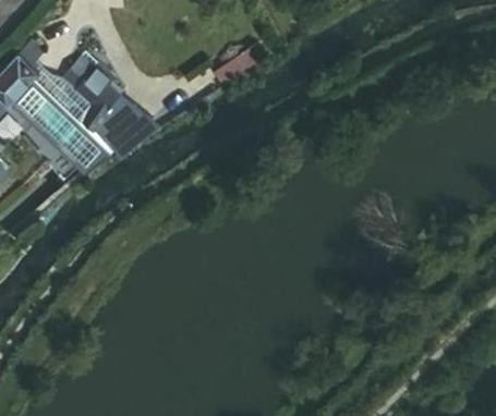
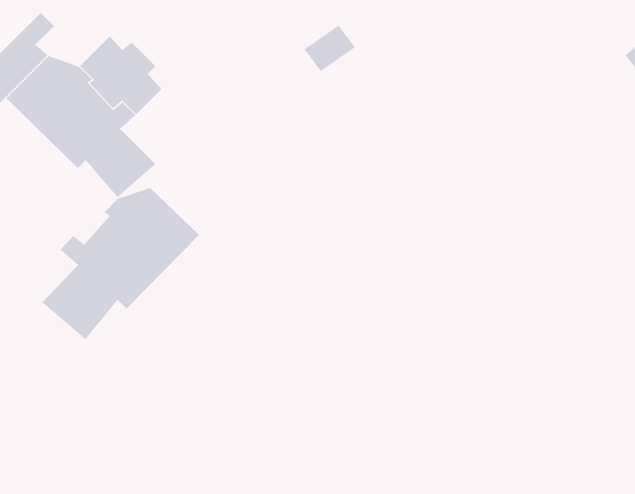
building: [87,99,142,152] -> none
building: none -> [41,187,200,340]

